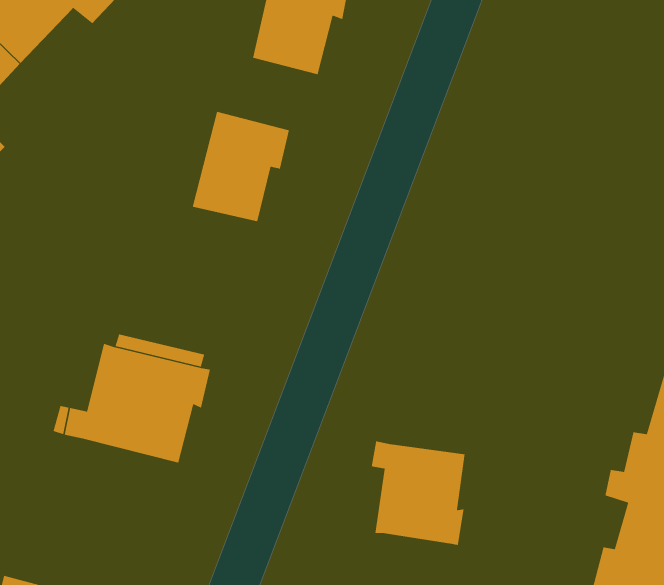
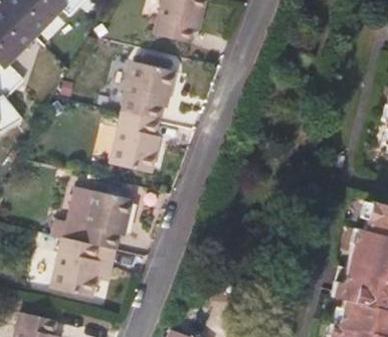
building: none -> [110,114,157,174]
building: none -> [50,237,115,298]
building: [371,441,466,546] -> none

